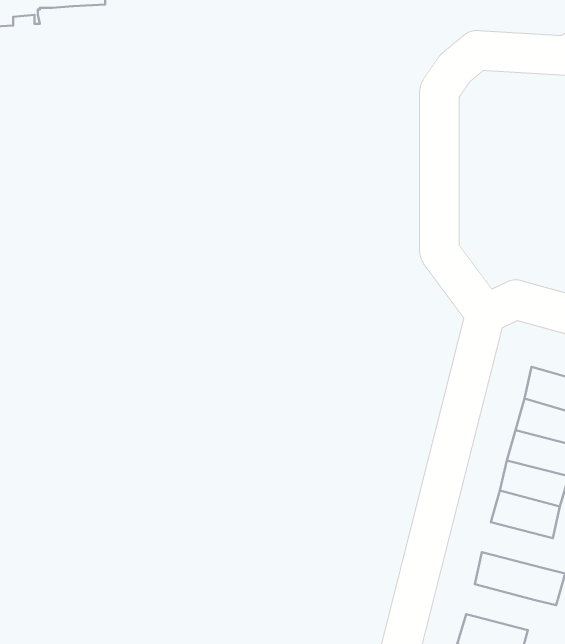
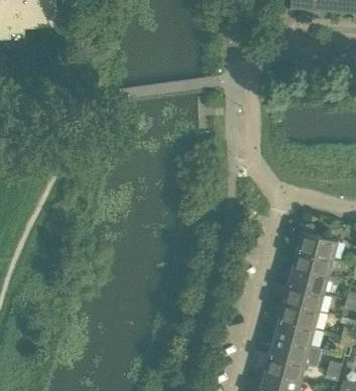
building: none -> [275,319,316,346]
building: none -> [266,355,306,381]

